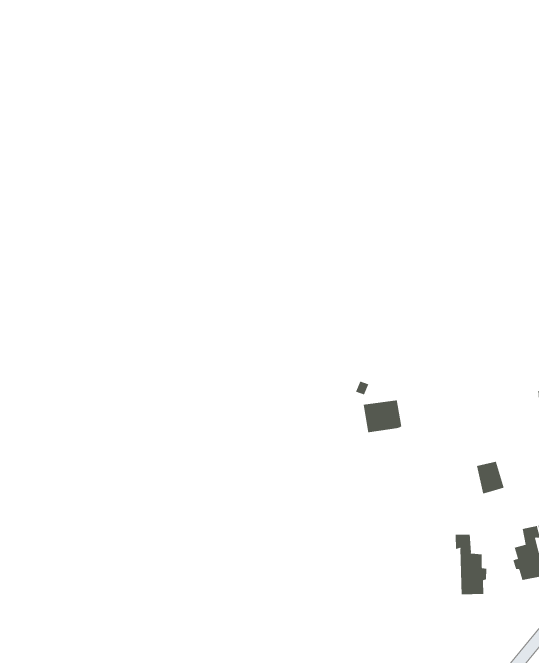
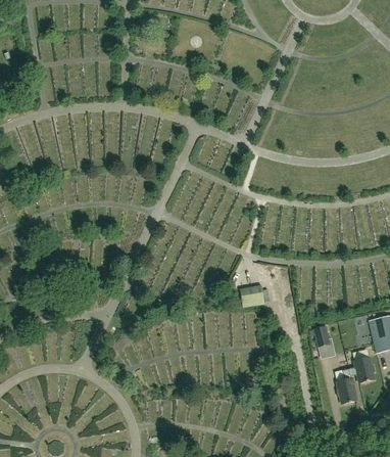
building: [455,534,487,595] -> none

